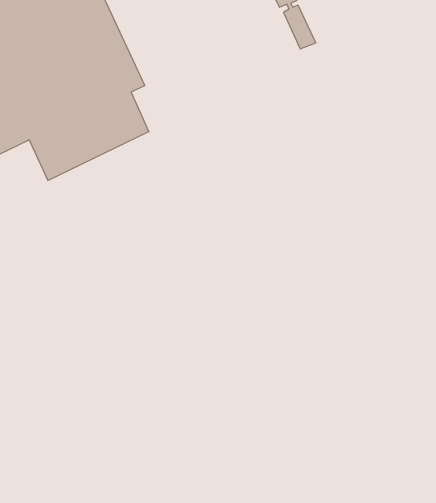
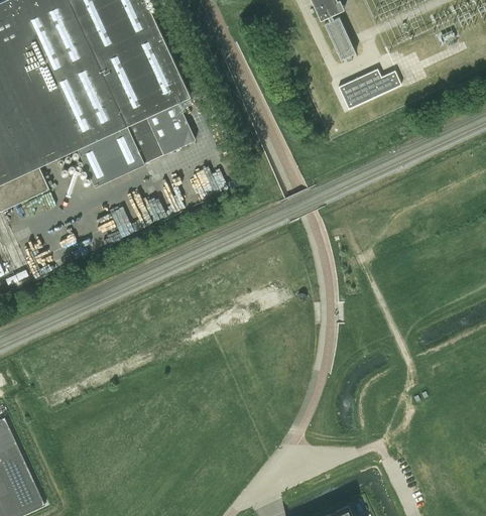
building: none -> [338,69,401,109]

